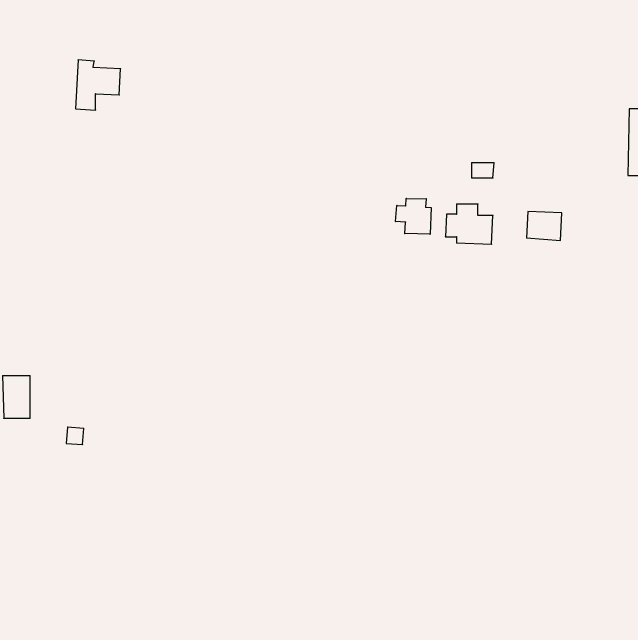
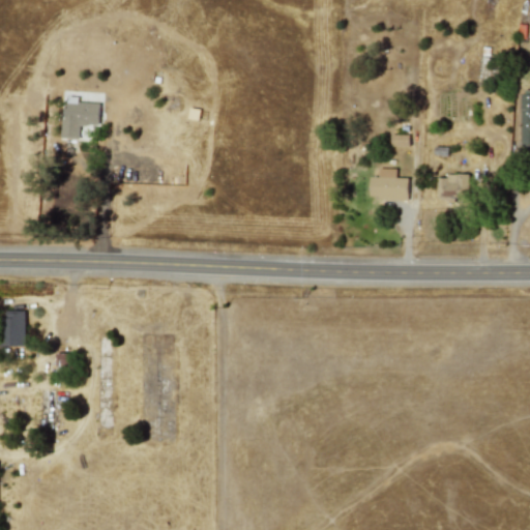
building: [76,60,121,110] -> [63,96,100,138]
building: [396,198,431,234] -> none

